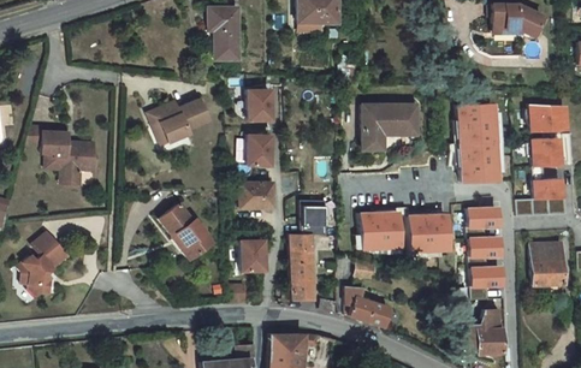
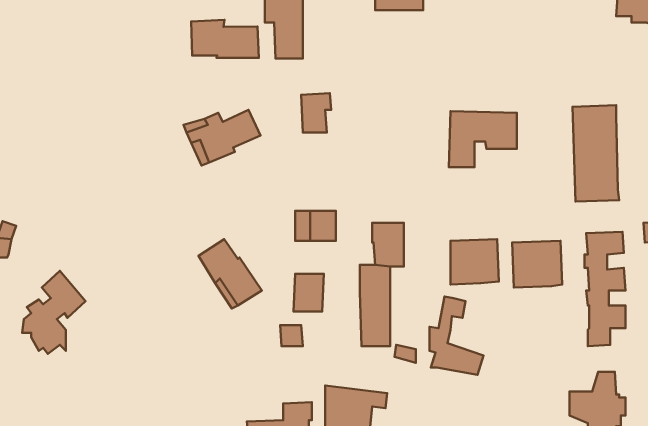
building: none -> [191,20,259,58]
building: [28,133,94,192] -> none
building: [244,140,268,170] -> none

